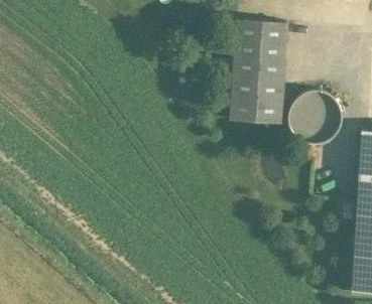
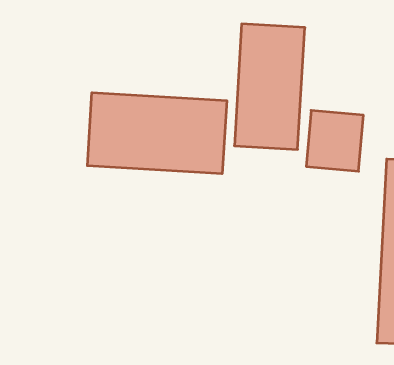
building: none -> [87,93,227,174]

